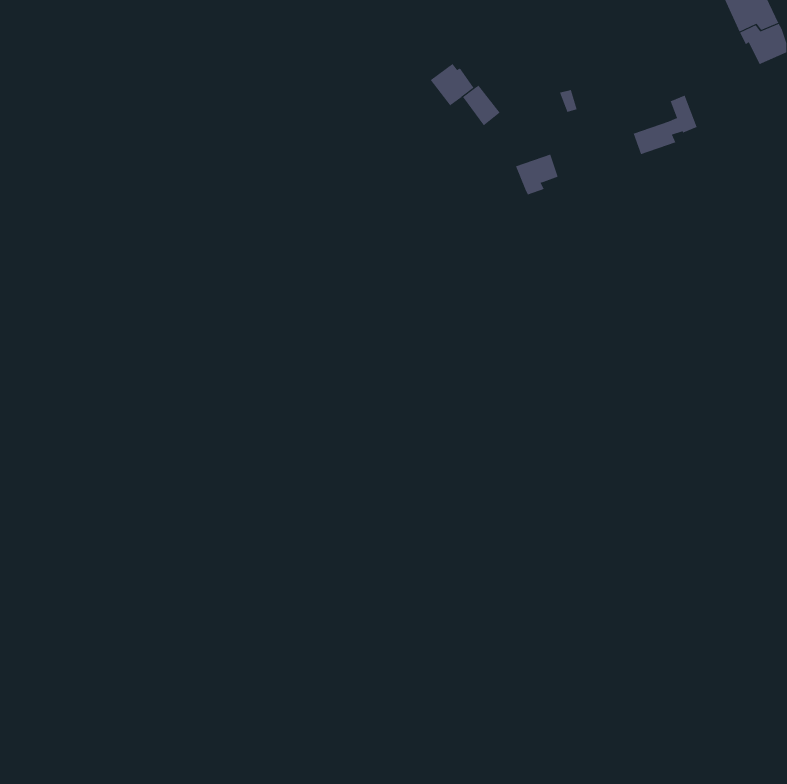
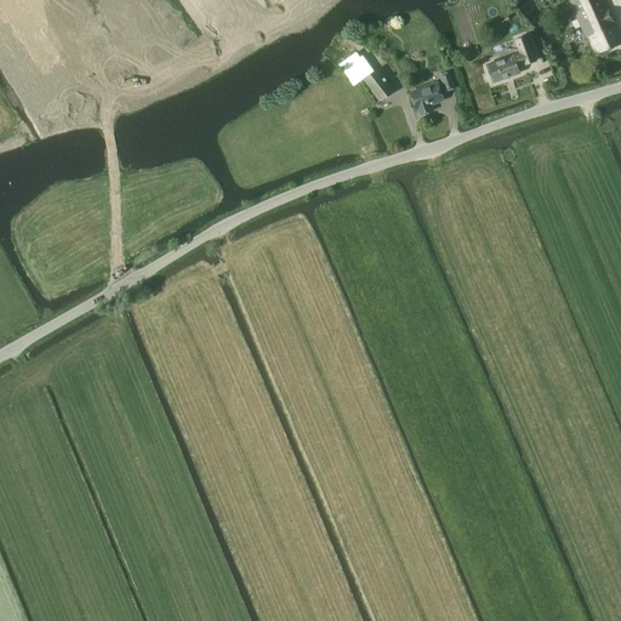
building: [633,95,698,155] -> [486,33,537,80]
building: [515,154,558,195] -> [410,80,444,113]

